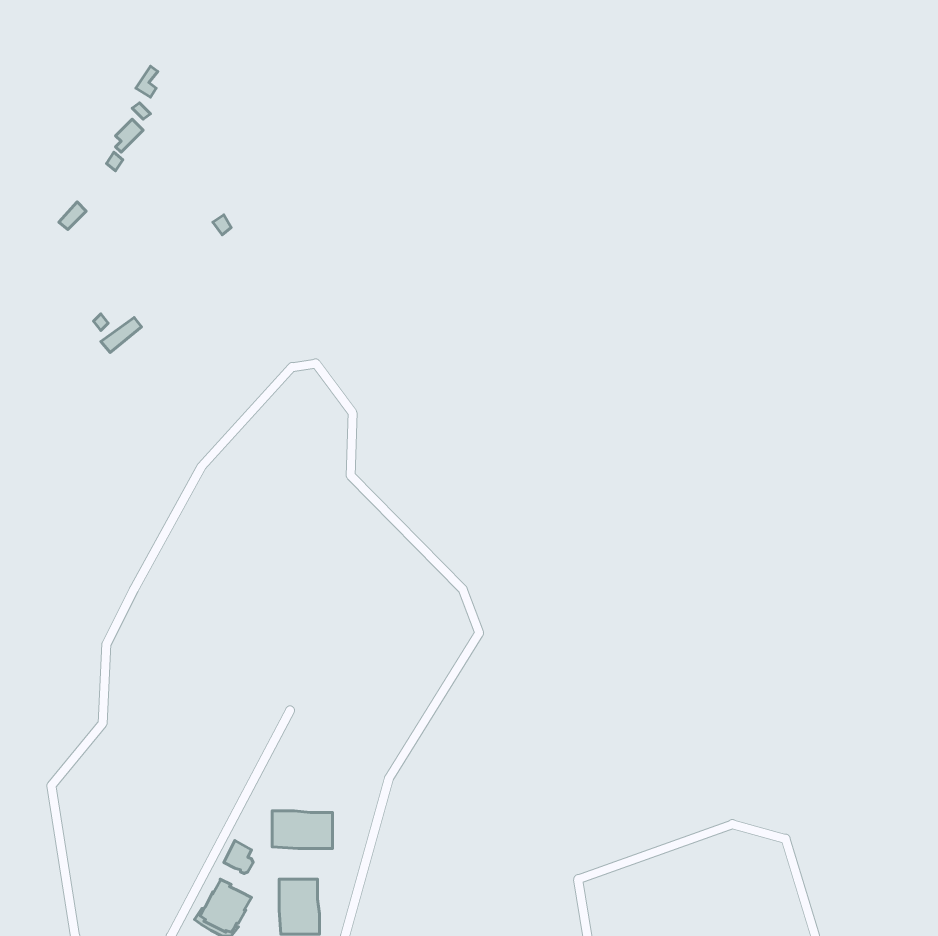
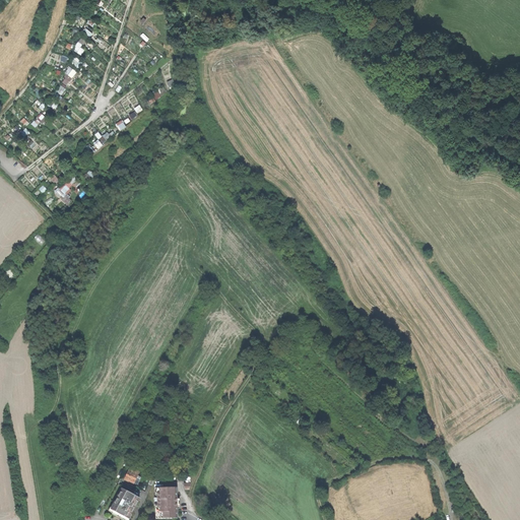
building: [272,811,333,849] -> none

